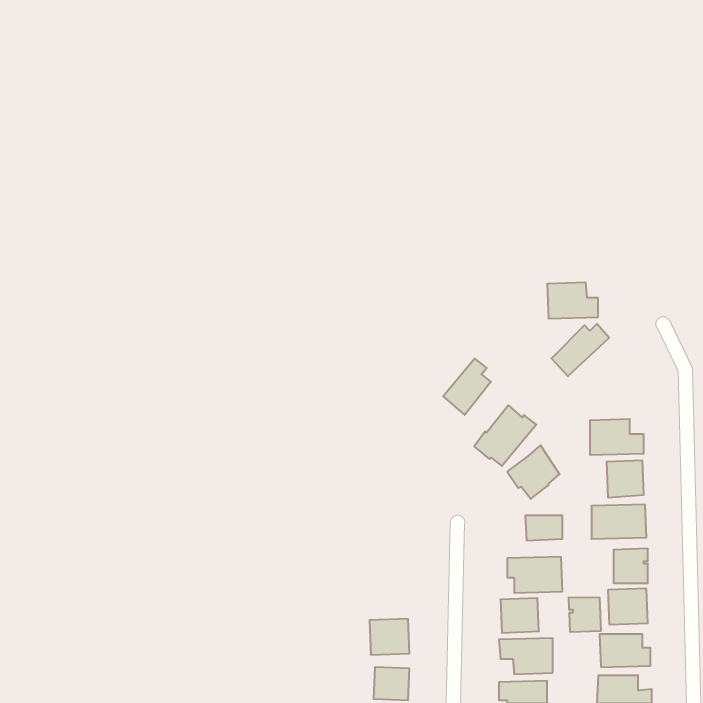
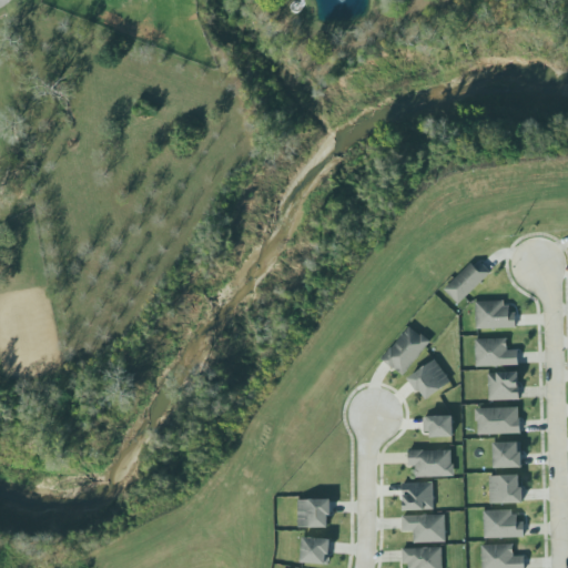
building: [547,283,598,318] -> [475,300,516,328]
building: [443,359,491,415] -> none
building: [569,597,601,632] -> none

